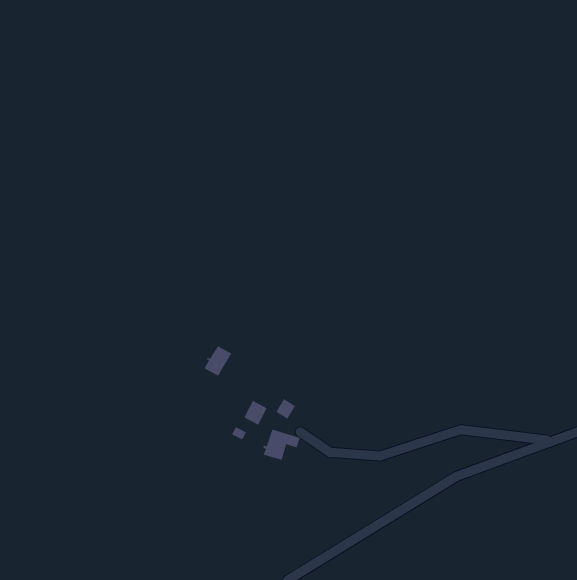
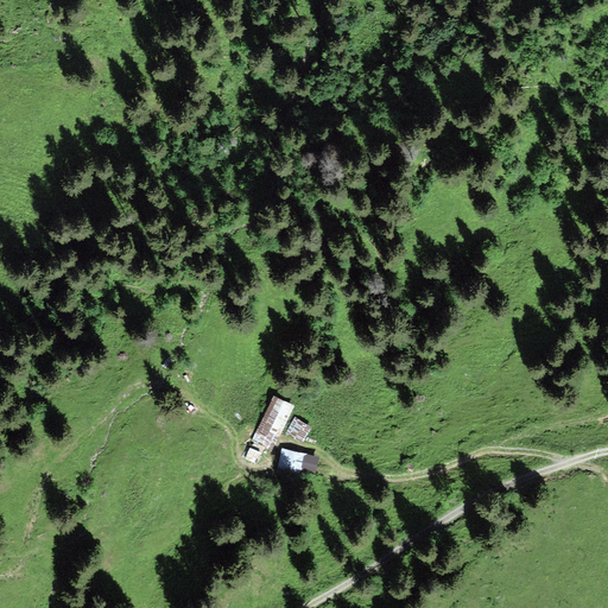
building: [204,346,232,376] -> [264,394,293,426]

